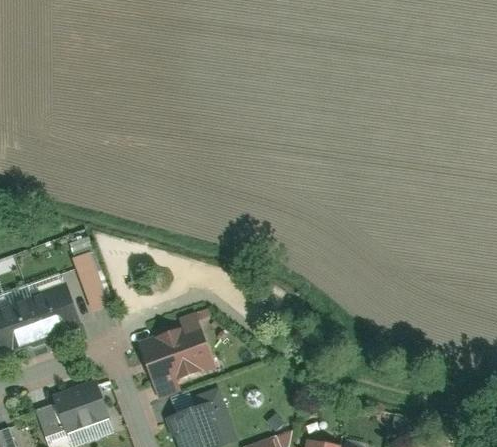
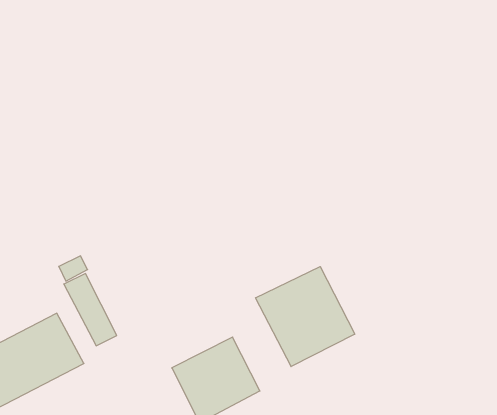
building: none -> [256,267,355,367]

